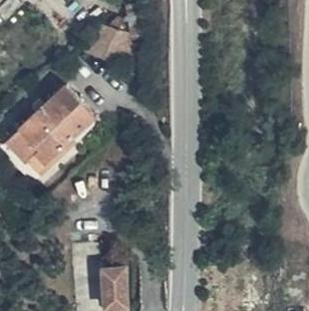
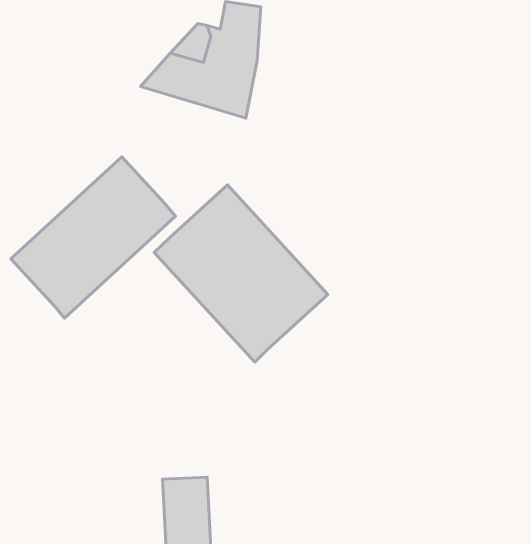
building: none -> [154,185,328,362]

